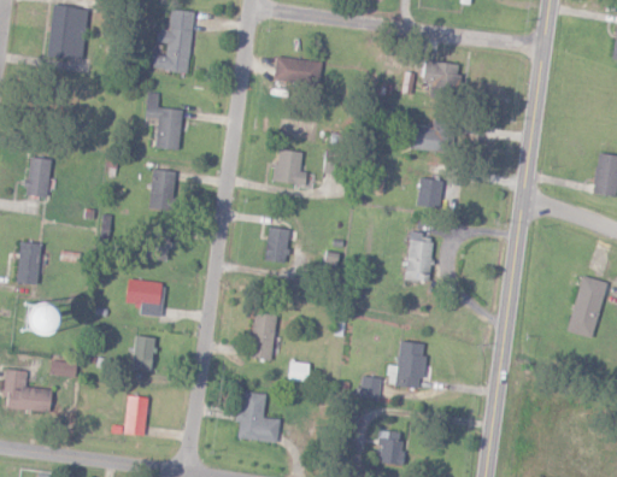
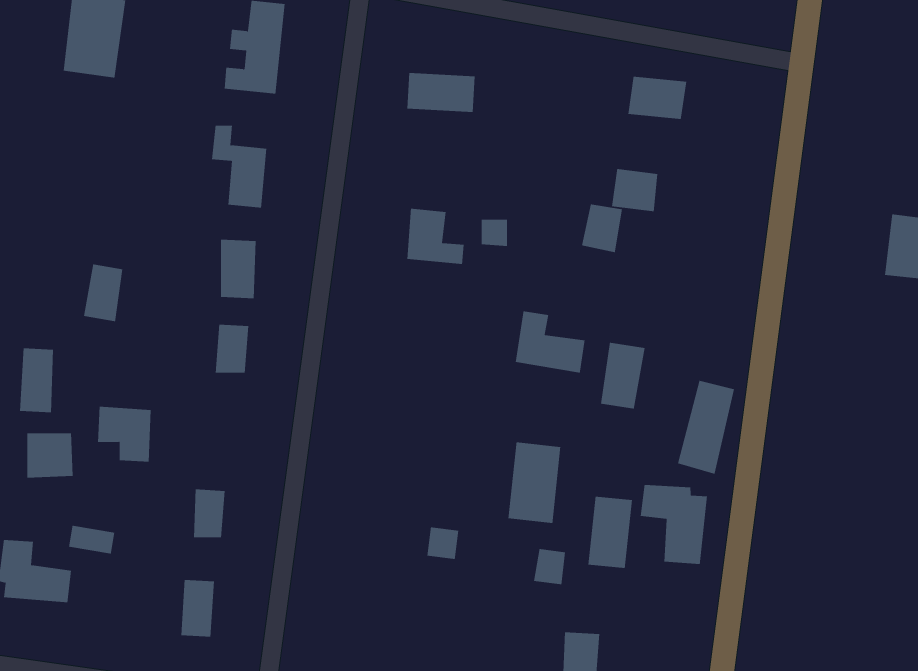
building: [24,159,51,198] -> [83,264,123,322]
building: [416,177,443,210] -> [581,204,623,253]
building: none -> [515,311,585,374]
building: [265,226,289,263] -> none
building: [568,276,606,338] -> [677,380,735,474]
building: [125,279,161,317] -> [97,406,151,462]
building: none -> [508,442,561,524]
building: [251,312,275,359] -> none
building: none -> [640,484,707,565]
building: [235,391,280,442] -> none

